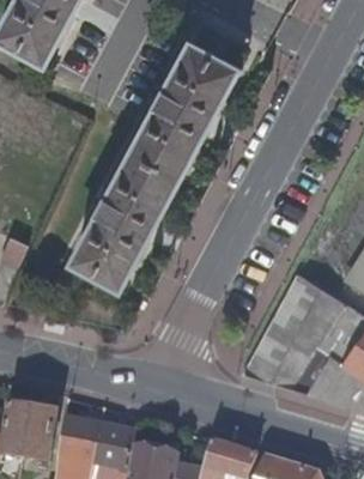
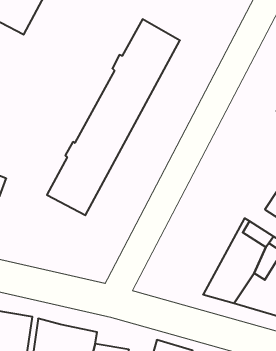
building: [242,274,320,383] -> none

